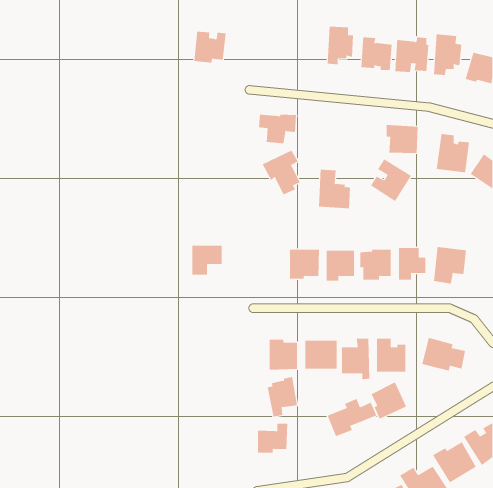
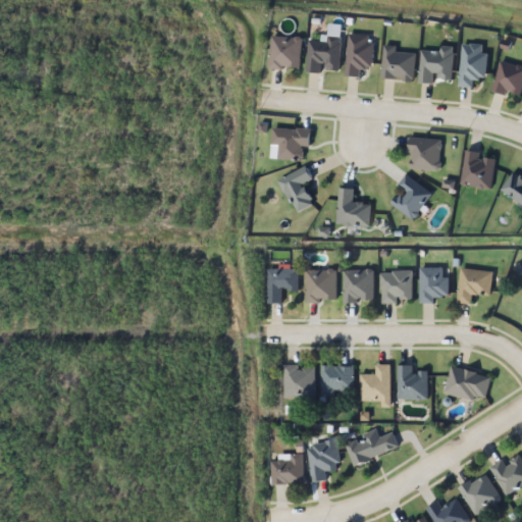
building: none -> [306,37,341,69]
building: [194,31,226,63] -> [268,35,303,68]
building: [191,245,222,275] -> [266,268,299,300]
building: [267,376,298,417] -> [307,436,340,479]
building: [371,382,407,419] -> none

